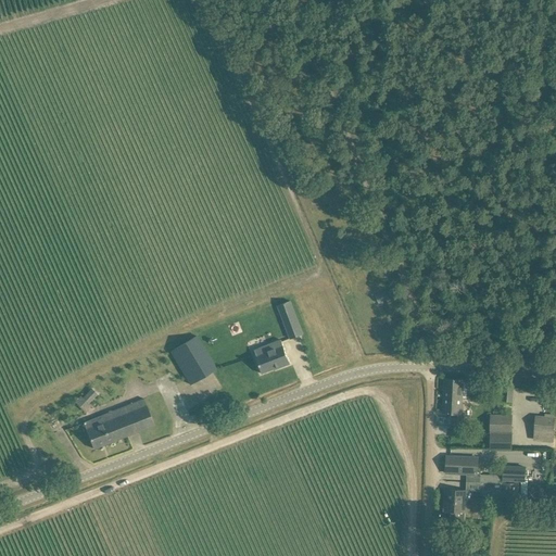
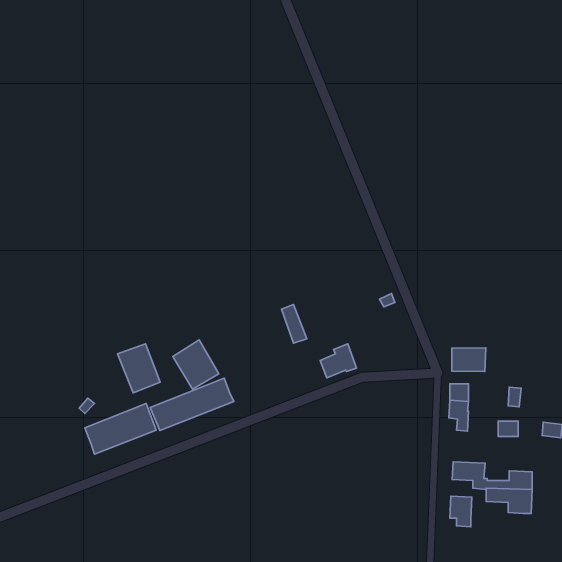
building: none -> [118,344,160,393]
building: [254,340,290,374] -> [320,344,356,378]
building: none -> [452,348,486,372]
building: none -> [150,378,234,430]

